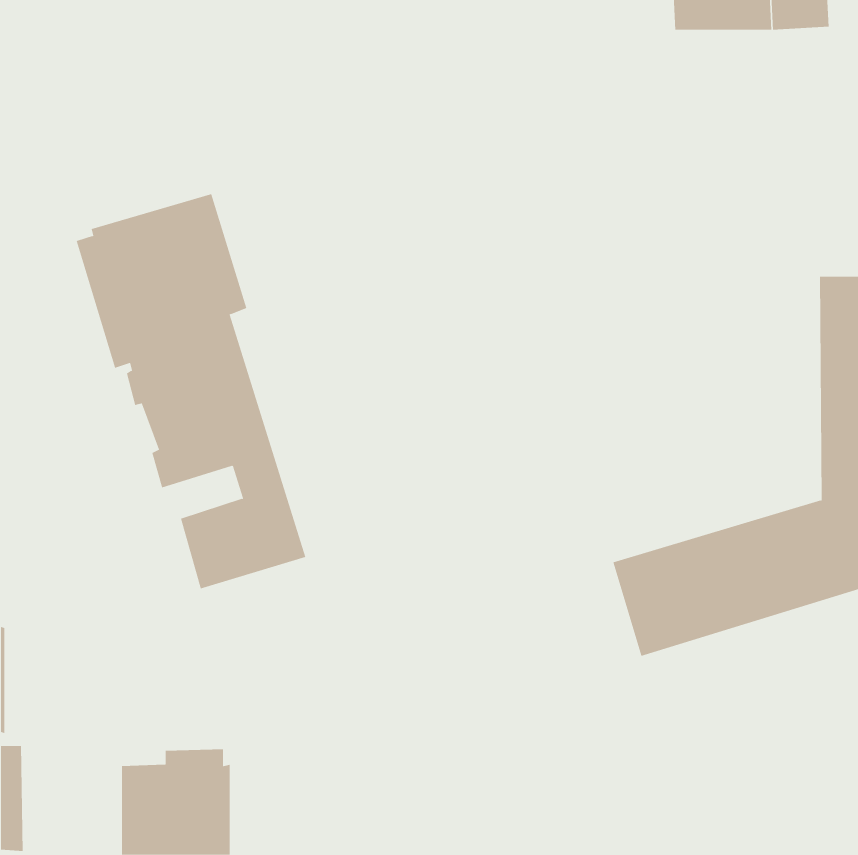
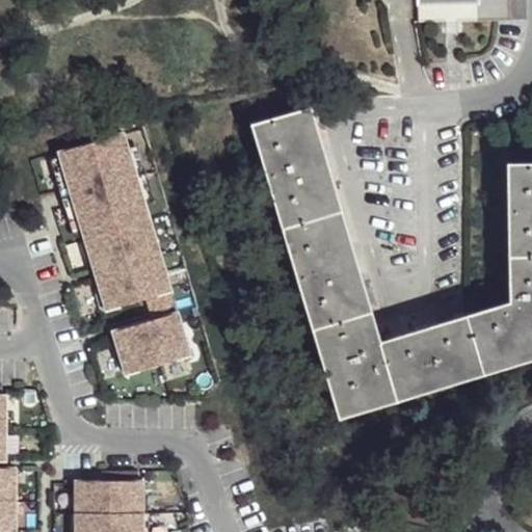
building: none -> [249,112,397,424]

